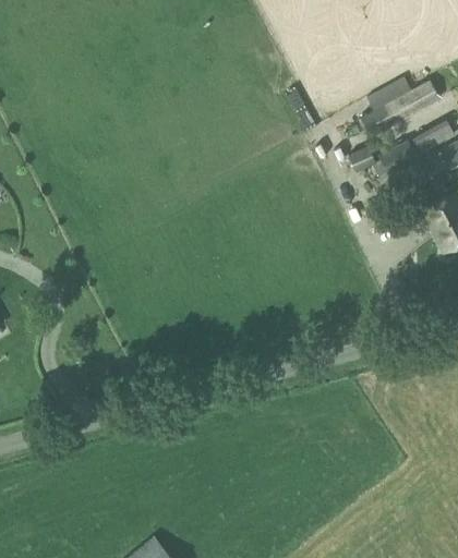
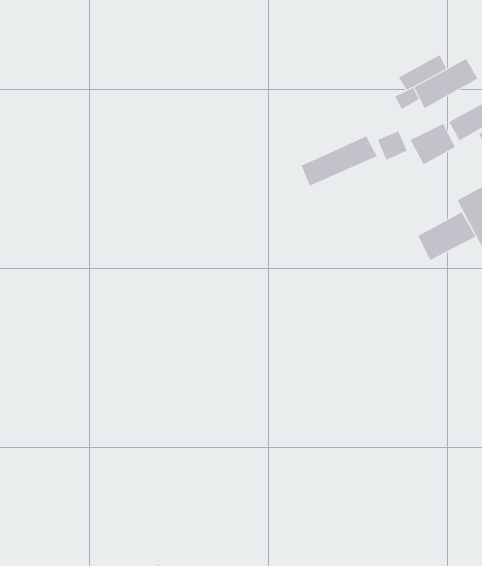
building: none -> [301,136,377,187]
building: none -> [417,211,476,261]

